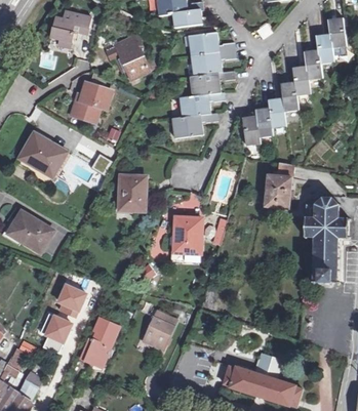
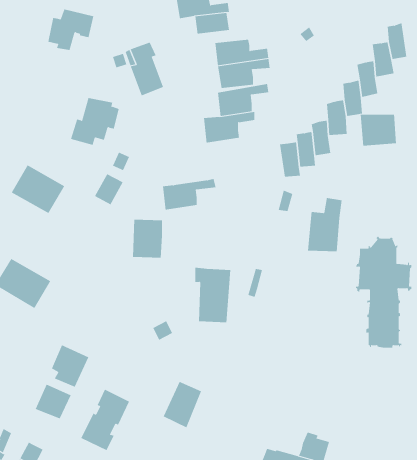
building: none -> [360,114,397,146]
building: [171,113,215,138] -> [162,179,217,210]

